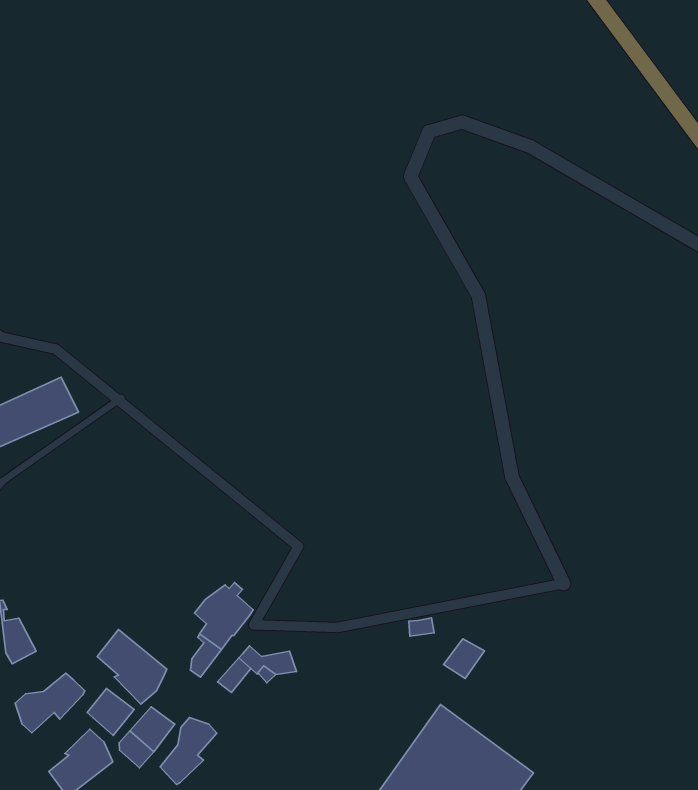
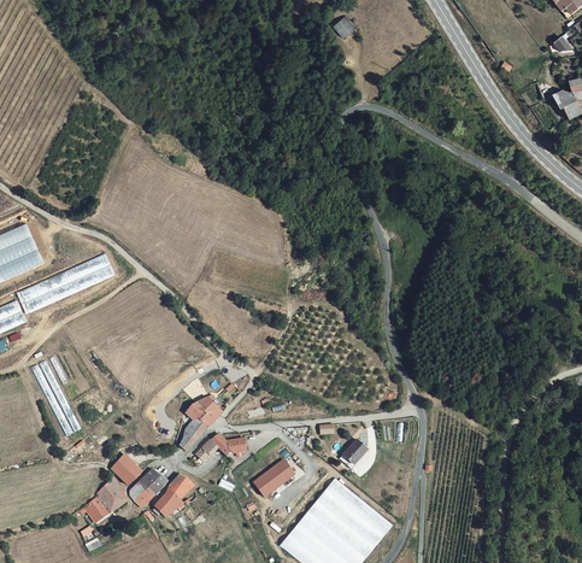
building: [97,629,167,704] -> none
building: [15,673,85,733] -> none
building: none -> [254,458,295,495]

